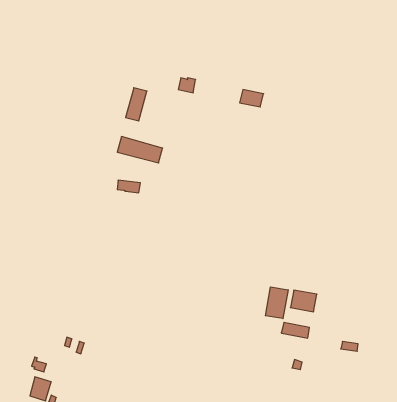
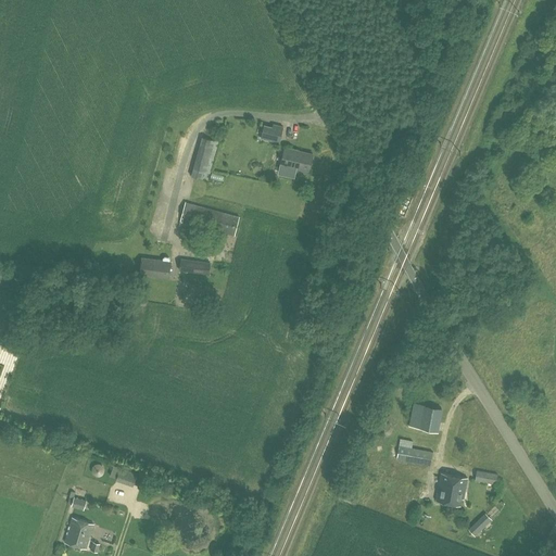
building: [240,90,264,107] -> [280,148,312,170]
building: none -> [139,257,169,278]
building: [265,287,288,319] -> none
building: none -> [434,473,467,505]

